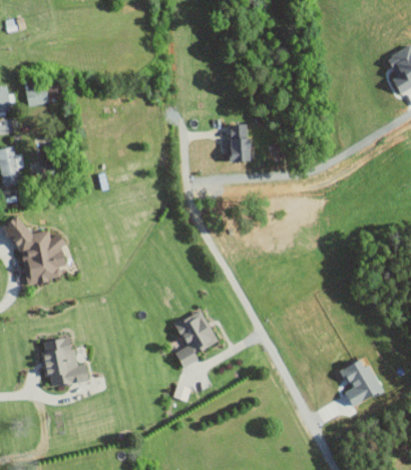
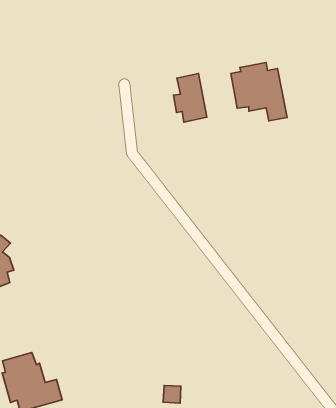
building: none -> [231,63,287,121]
building: [174,310,219,368] -> none

